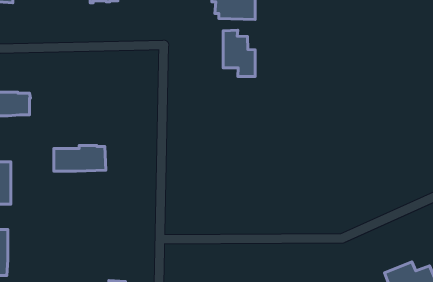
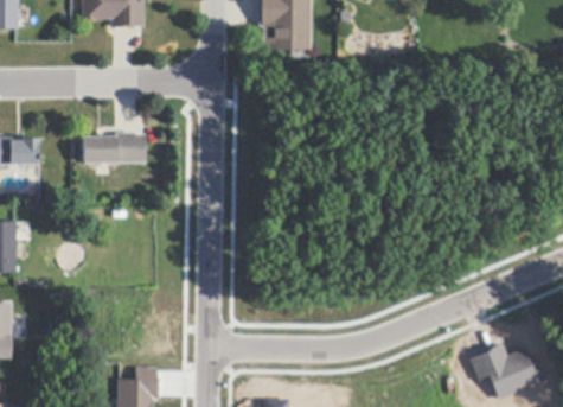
building: [223,30,255,76] -> none
building: [54,146,106,171] -> [83,133,146,164]

